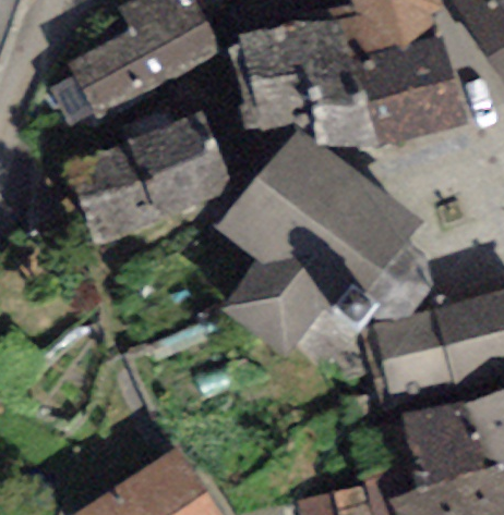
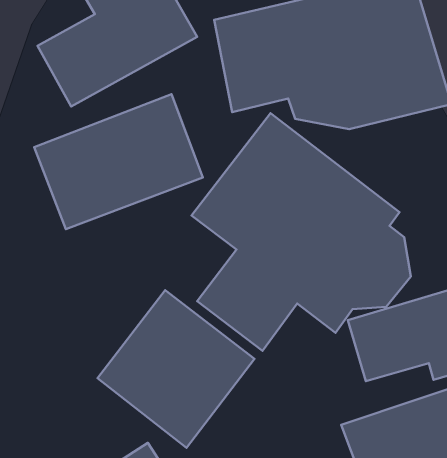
building: none -> [97,290,255,448]

